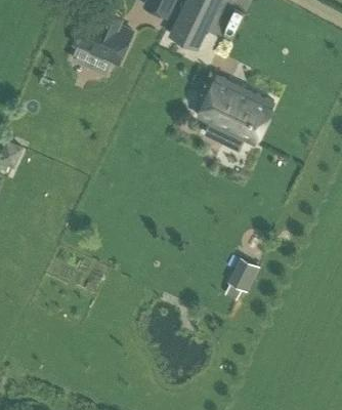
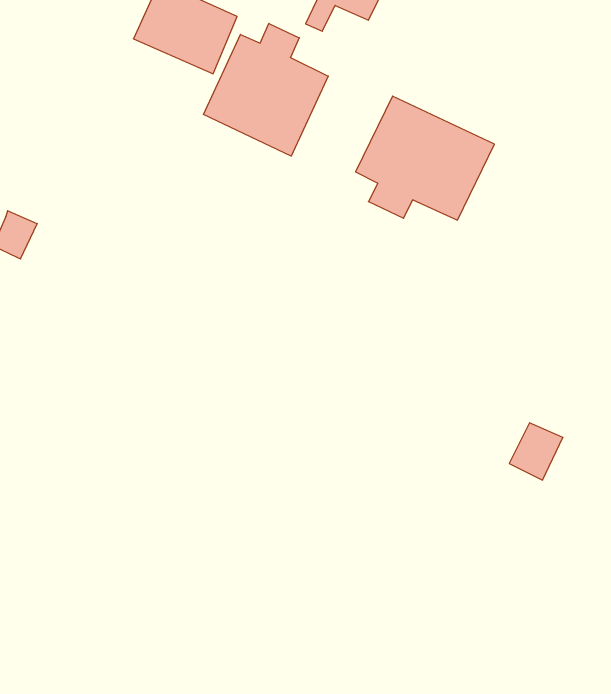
building: none -> [203,23,328,156]
building: [228,259,258,291] -> [509,423,563,480]

